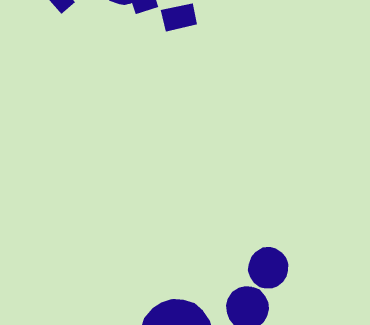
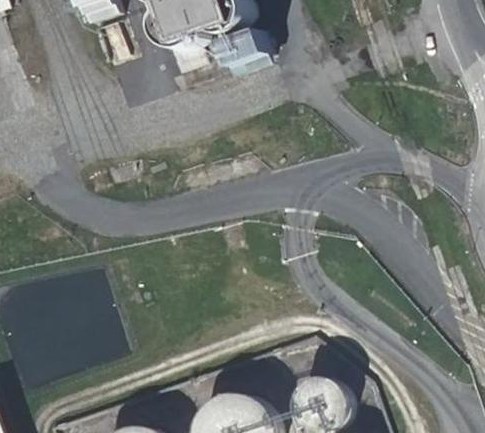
building: [247,246,289,289] -> none

